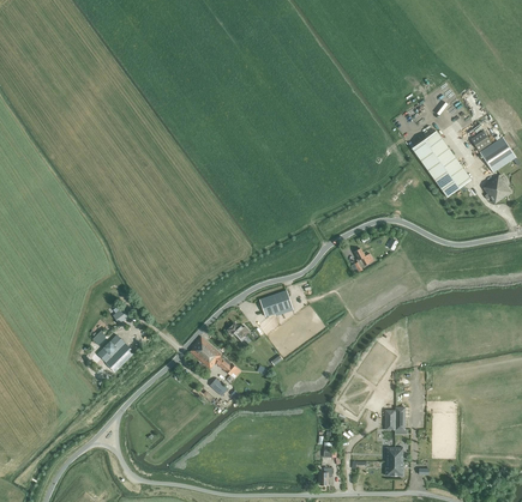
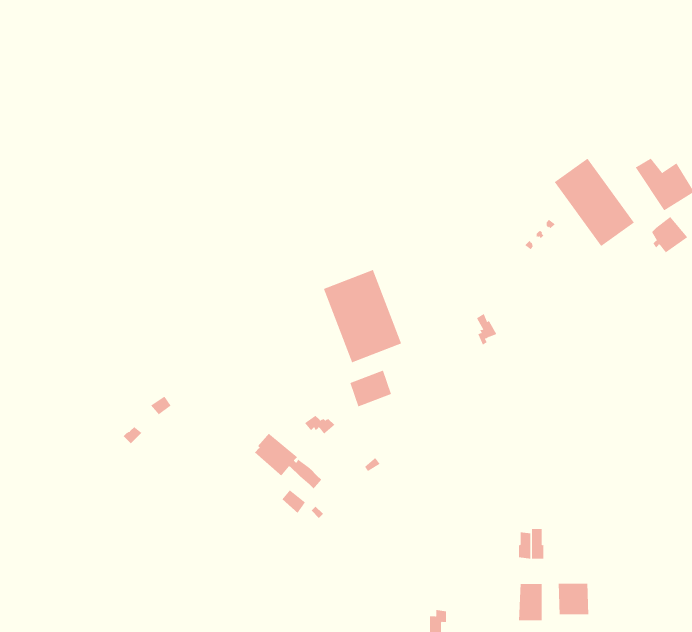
building: none -> [323,269,402,363]
building: [101,334,134,371] -> none
building: none -> [558,583,589,615]

